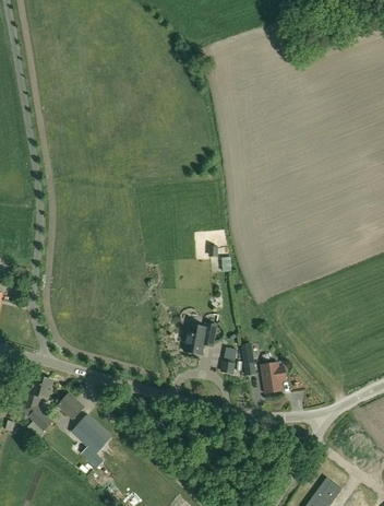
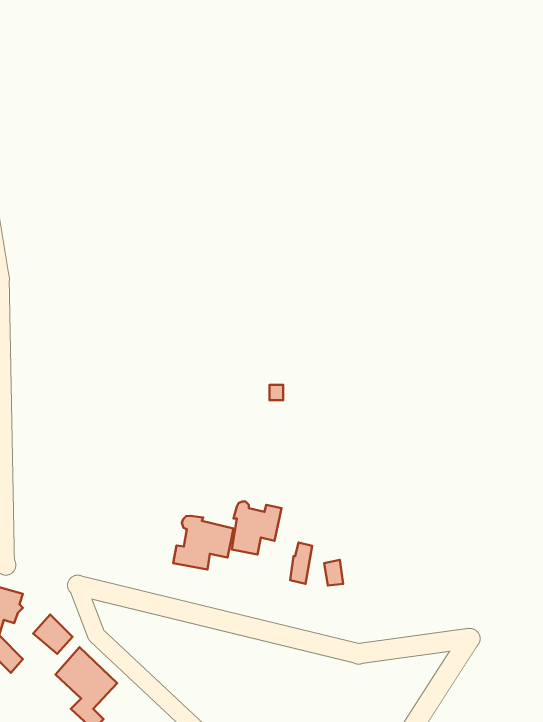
building: none -> [173,516,233,569]
building: [260,363,286,393] -> none

